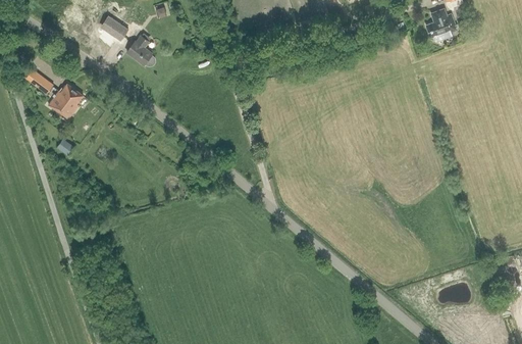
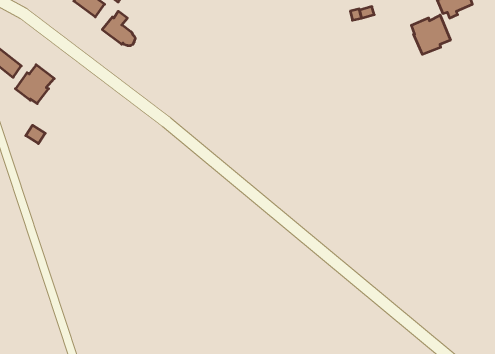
building: none -> [411,15,450,54]

